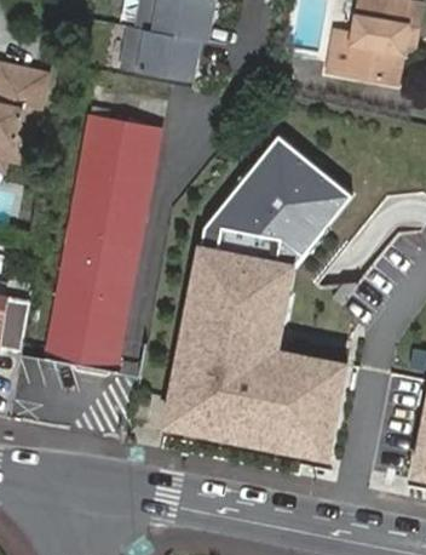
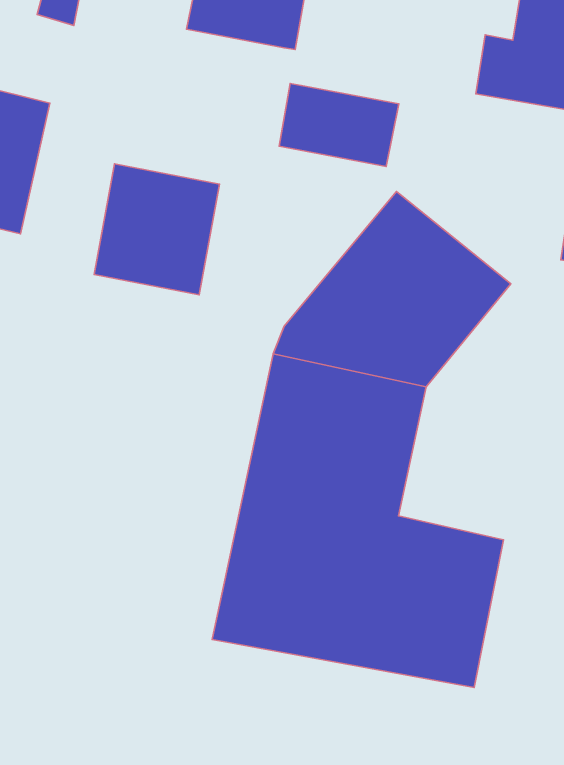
building: [126,28,205,82] -> [279,84,399,167]
building: [48,190,149,372] -> none

